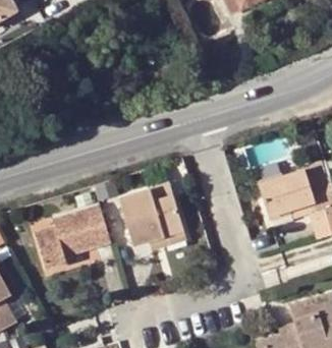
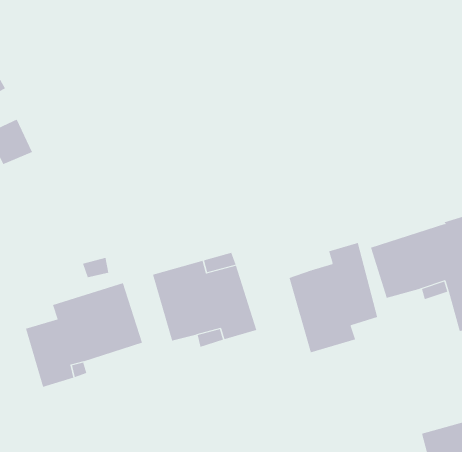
building: none -> [289,242,378,353]

